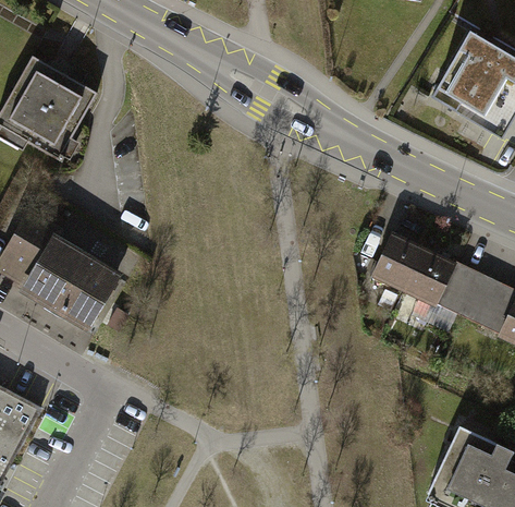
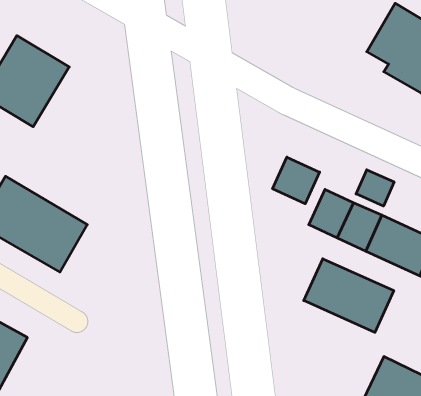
building: none -> [273,157,320,204]
building: none -> [356,170,394,206]
building: none -> [304,259,394,332]

